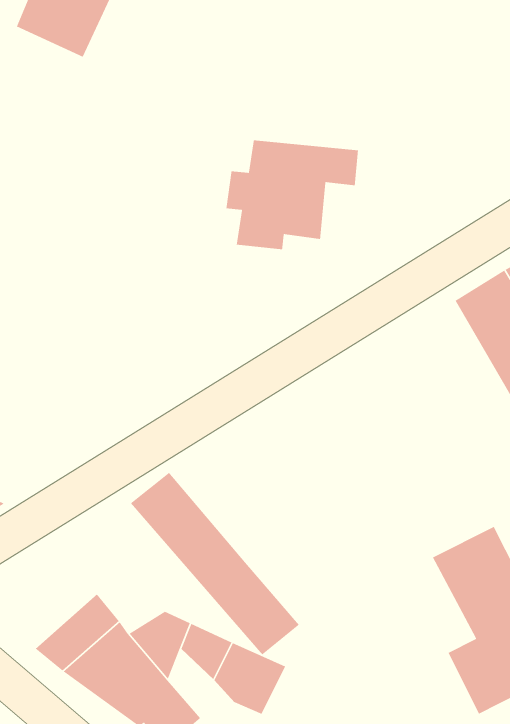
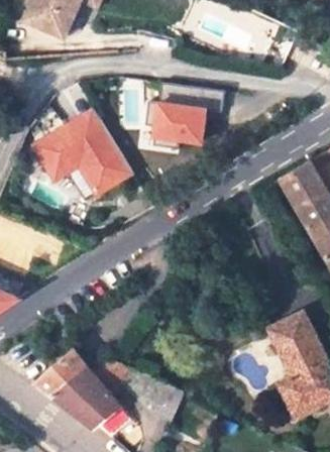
building: none -> [33,120,131,195]
building: [130,472,300,655] -> none

